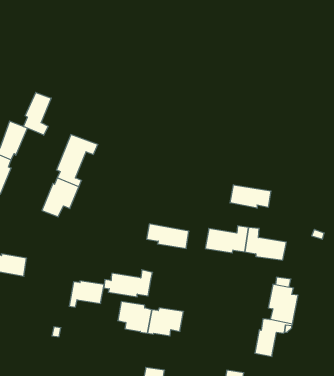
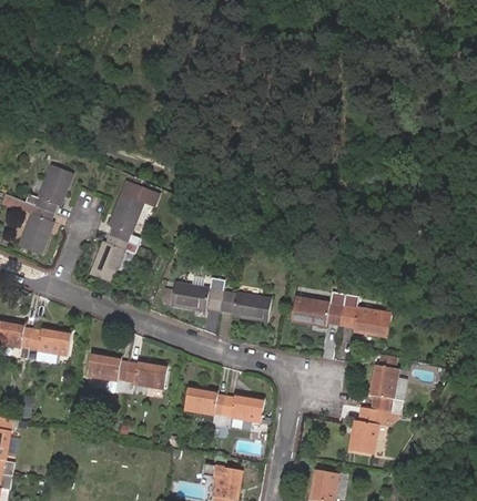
building: [23,92,51,135] -> none
building: [230,185,271,208] -> none
building: [104,270,153,297] -> [164,277,224,310]
building: none -> [87,352,129,391]

